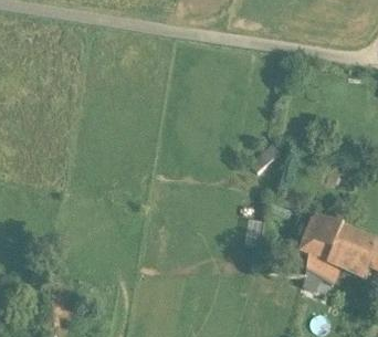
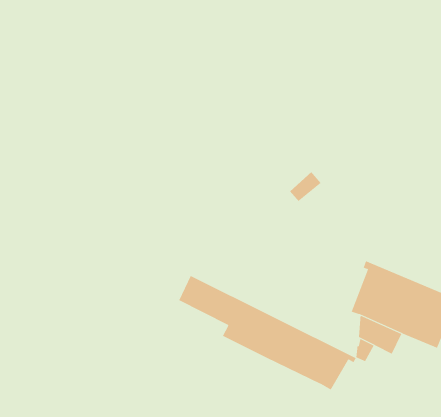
building: none -> [178,275,357,390]

